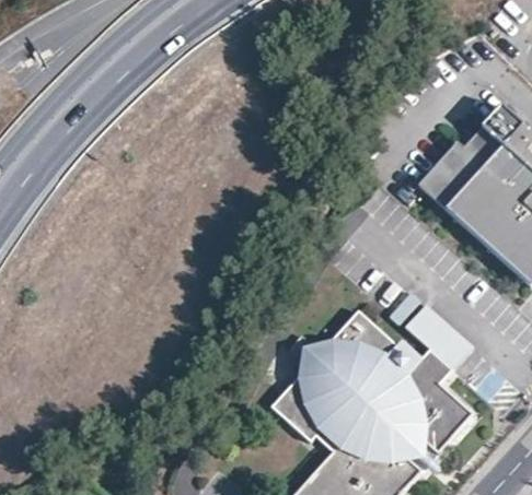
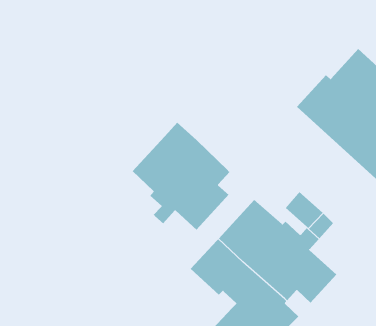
building: none -> [132,122,231,231]

